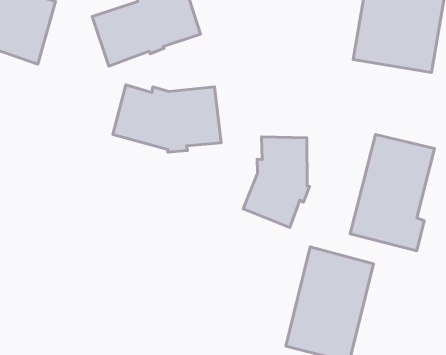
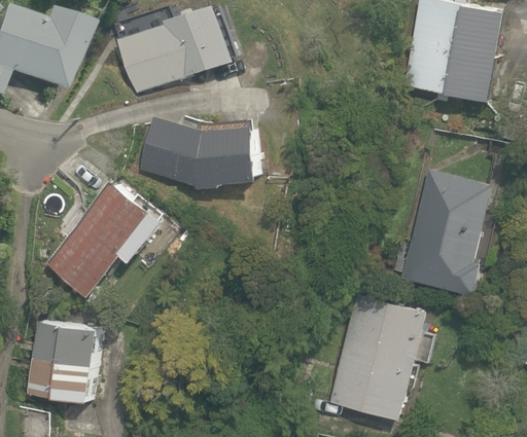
building: [243,137,310,227] -> none
building: none -> [45,179,163,297]
building: none -> [31,319,98,403]

